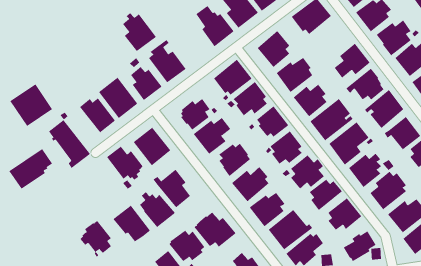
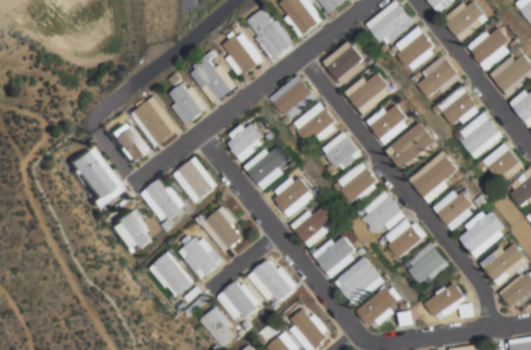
building: [122,13,157,52] -> [222,29,264,77]
building: none -> [393,25,431,70]
building: [10,83,53,127] -> none
building: [8,148,53,190] -> none
building: [80,220,112,258] -> [108,208,147,253]

